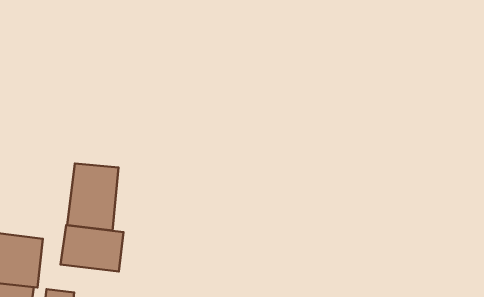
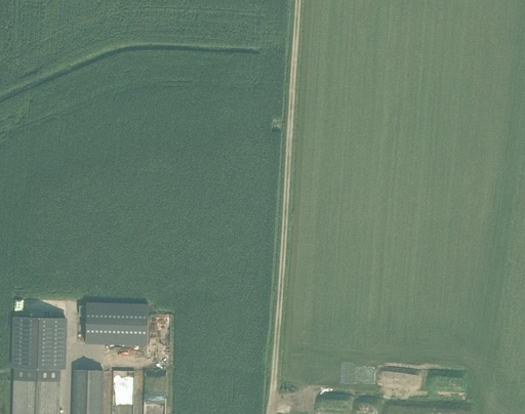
building: [67,163,119,231] -> none

